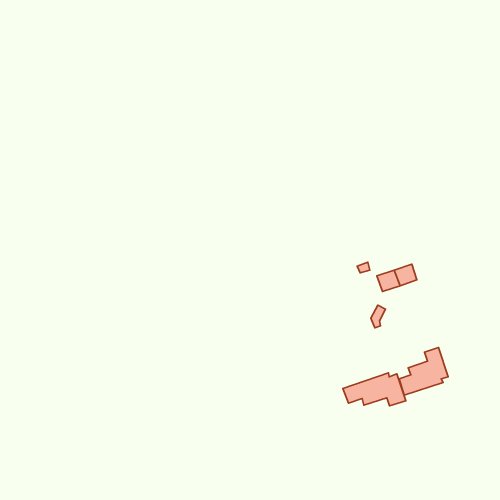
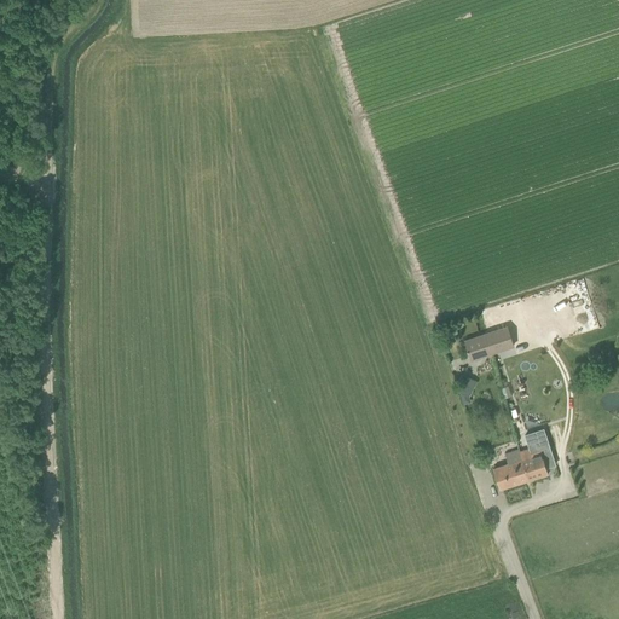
building: [343,373,406,406] -> none

